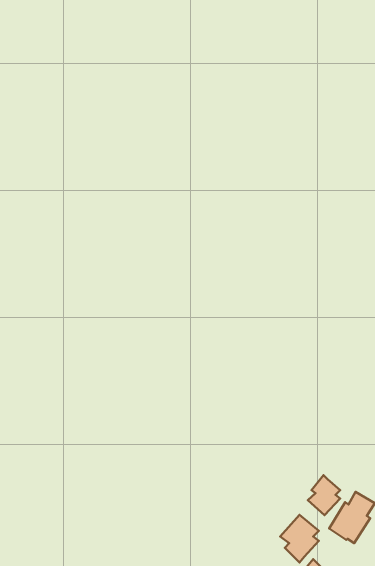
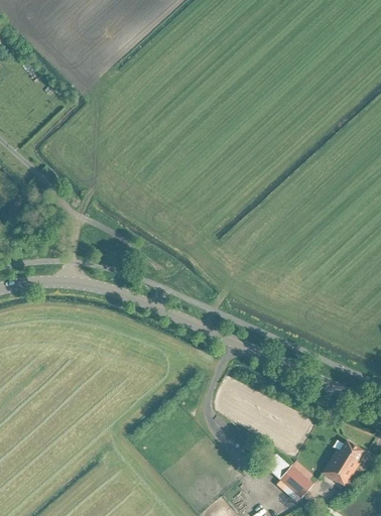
building: [308,475,340,515] -> none

